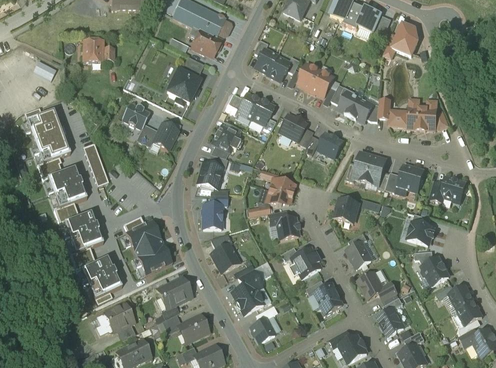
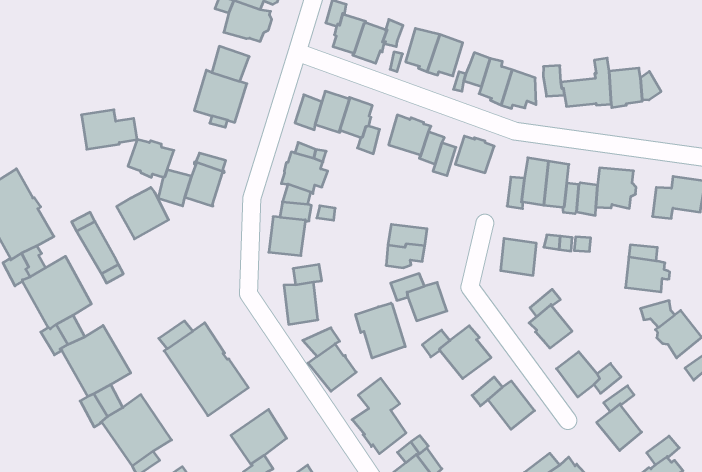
building: [82,40,113,61] -> [81,110,137,149]
building: none -> [117,187,169,239]
building: none -> [356,303,405,358]

